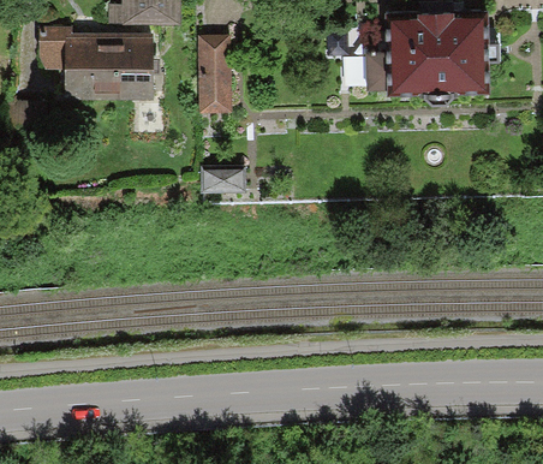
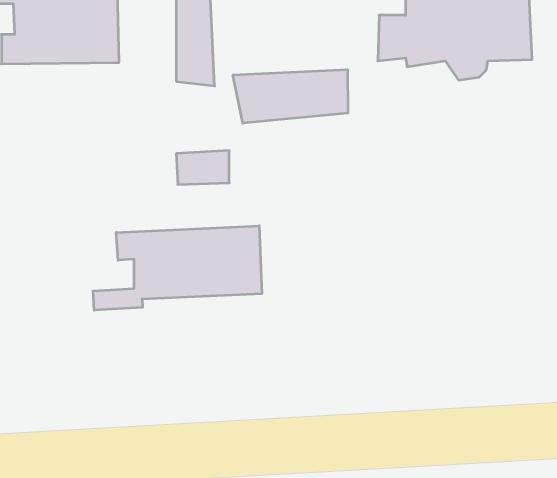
building: none -> [233,70,348,123]
building: none -> [93,226,262,310]

